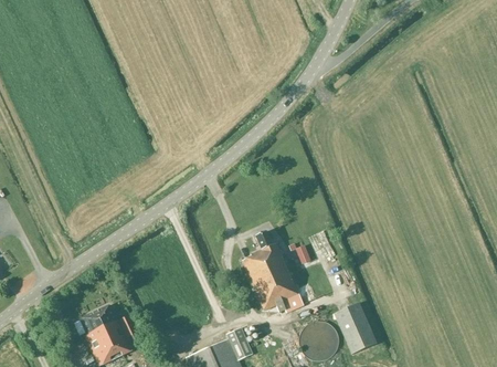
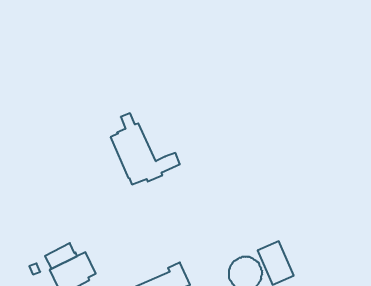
building: [243,231,326,316] -> [111,113,180,184]

